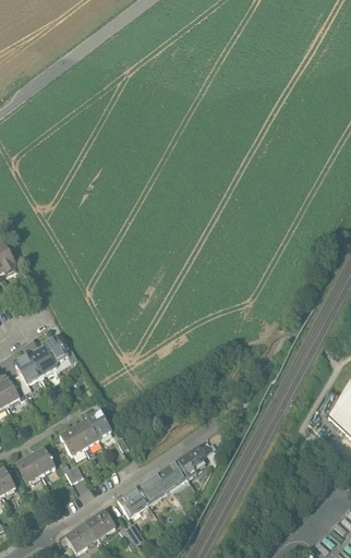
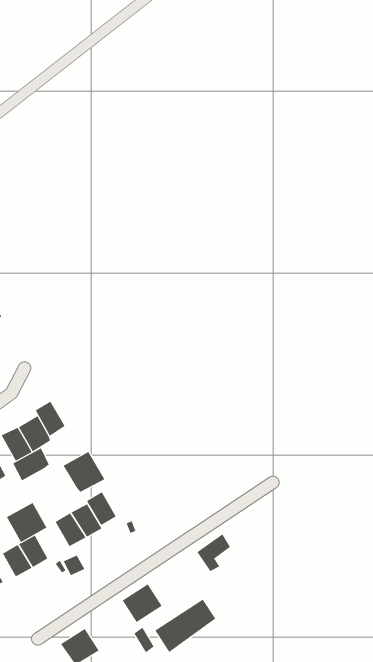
building: none -> [13,447,49,481]
building: none -> [63,451,105,493]
building: none -> [6,502,47,543]
building: [137,460,189,505] -> [155,599,216,653]
building: [85,509,118,542] -> none

